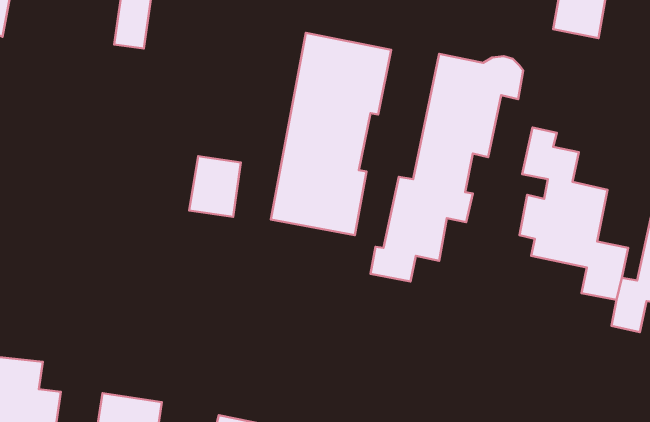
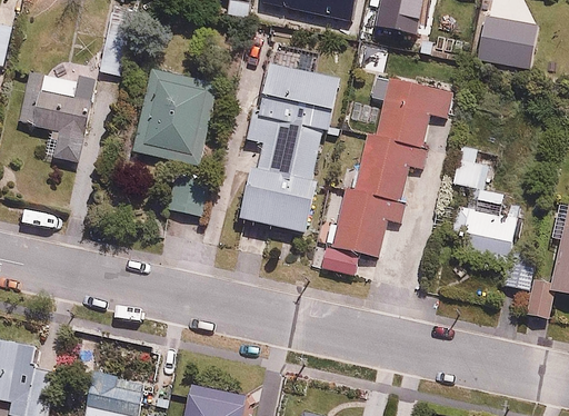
building: none -> [136,66,217,162]
building: none -> [23,70,93,171]

